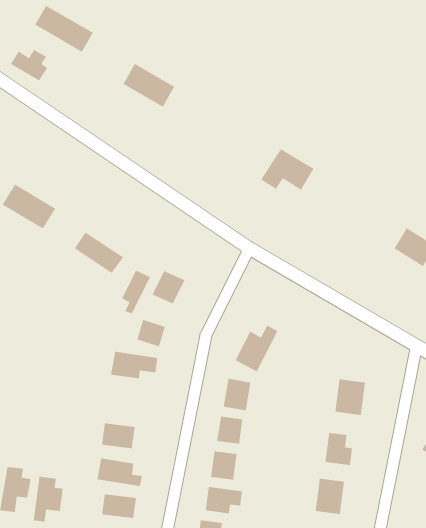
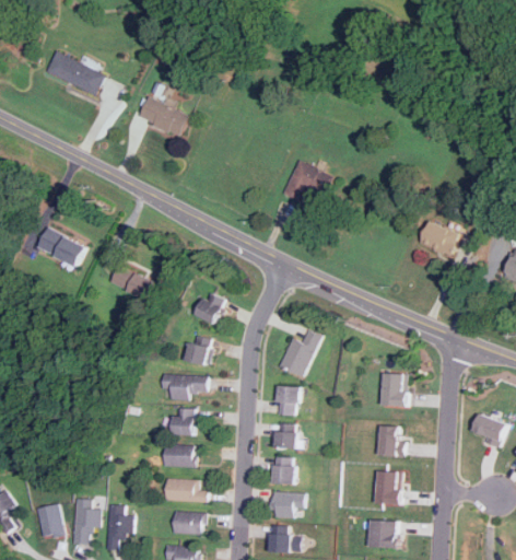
building: [10,49,48,82] -> none
building: [121,270,151,315] -> none
building: none -> [169,409,192,436]

